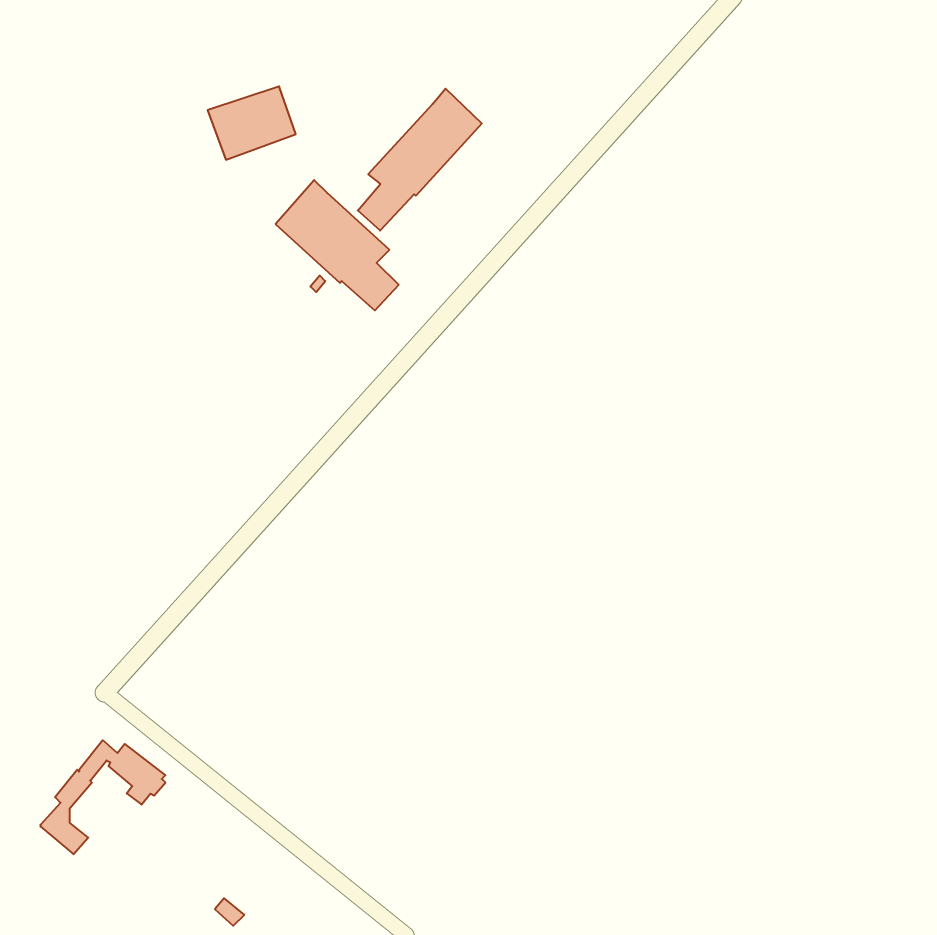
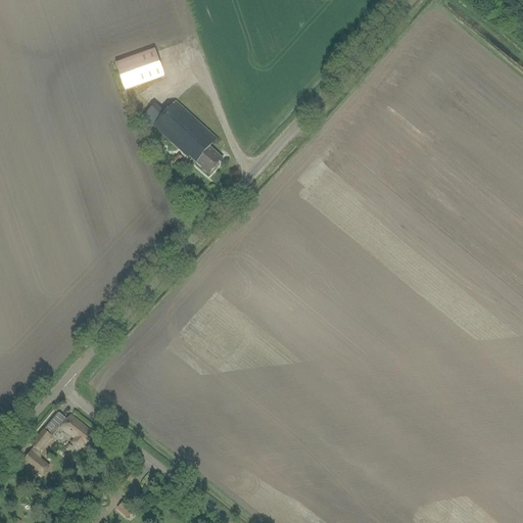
building: [358,89,482,231] -> none

